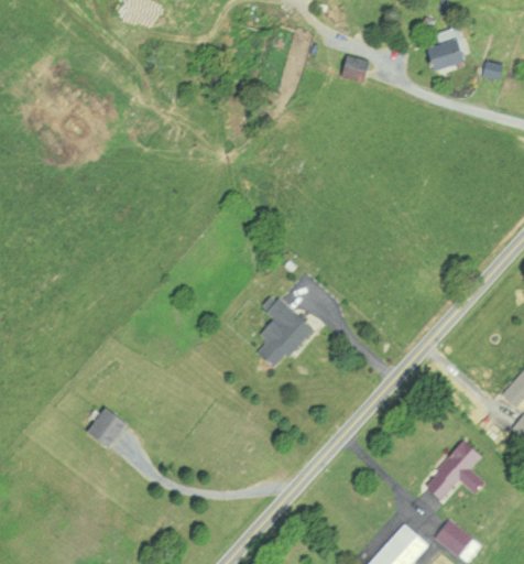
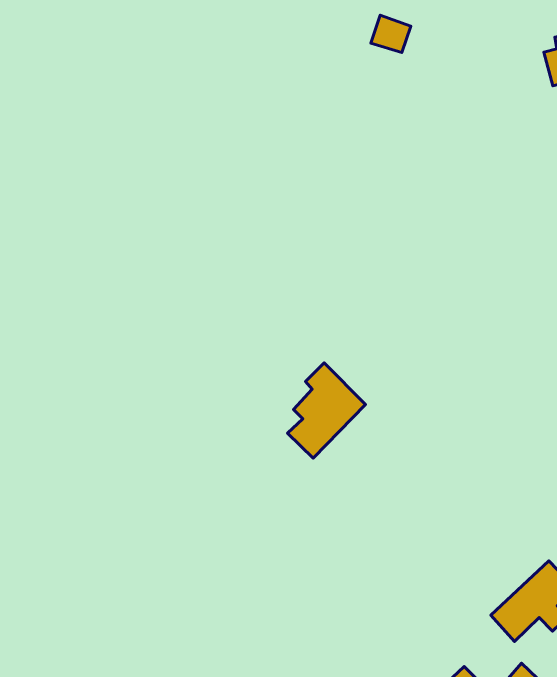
building: [342,56,372,84] -> [371,15,411,53]
building: [87,409,124,447] -> none

